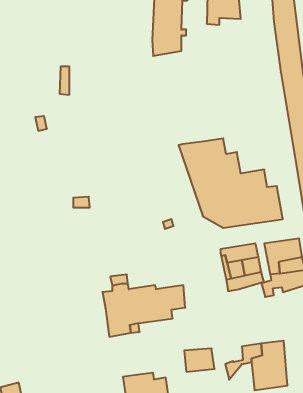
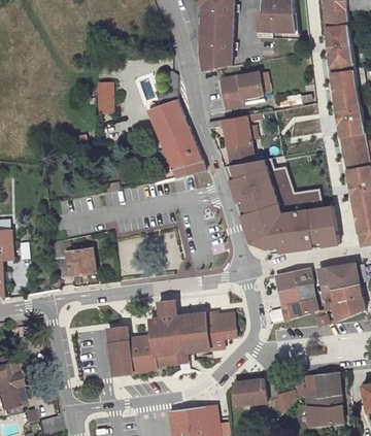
building: none -> [227,71,270,107]
building: none -> [146,99,204,176]
building: none -> [205,112,260,164]
building: none -> [55,245,94,277]
building: none -> [108,327,154,376]

